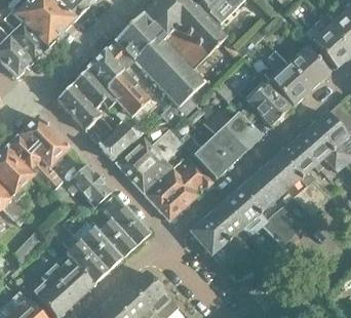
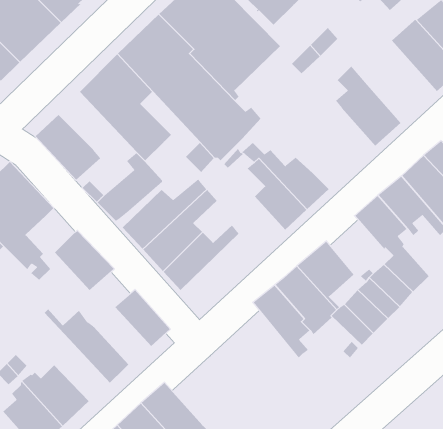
building: [287,46,329,89] -> none
building: [72,68,126,116] -> none
building: [216,74,289,126] -> none
building: [170,123,230,177] -> none
building: [259,154,299,195] -> none
building: [157,166,211,220] -> none
building: [84,214,136,257] -> none
building: [192,214,239,260] -> none
building: [66,240,107,283] -> none

